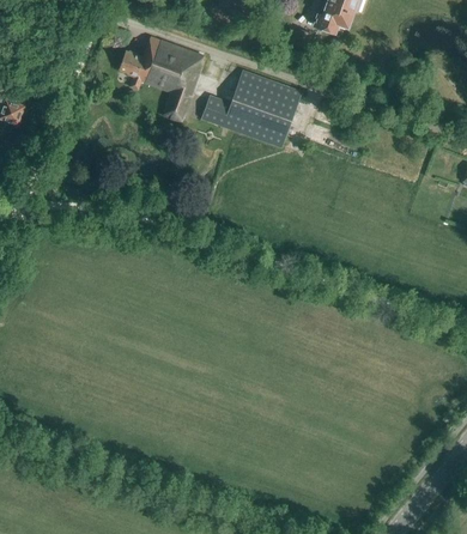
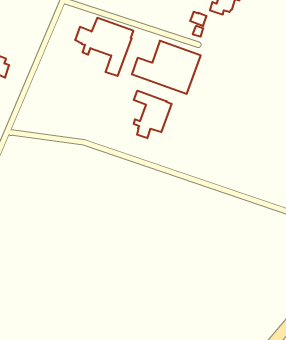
building: none -> [134,91,172,138]

